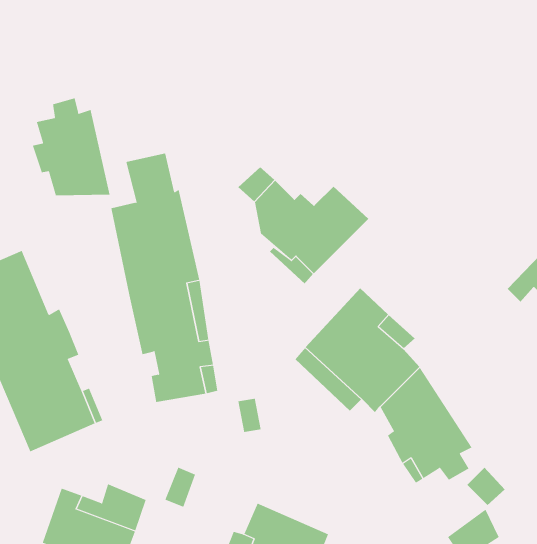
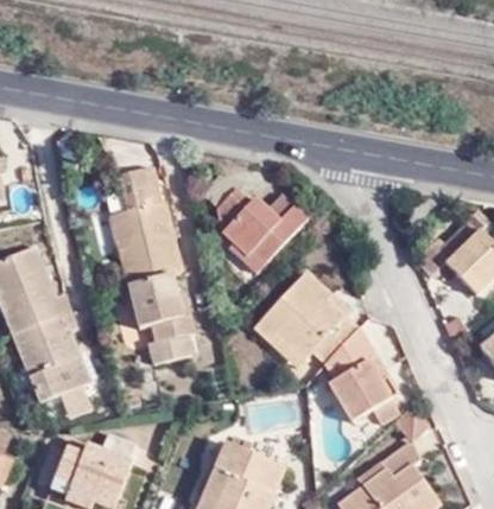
building: [32,98,110,196] -> none

